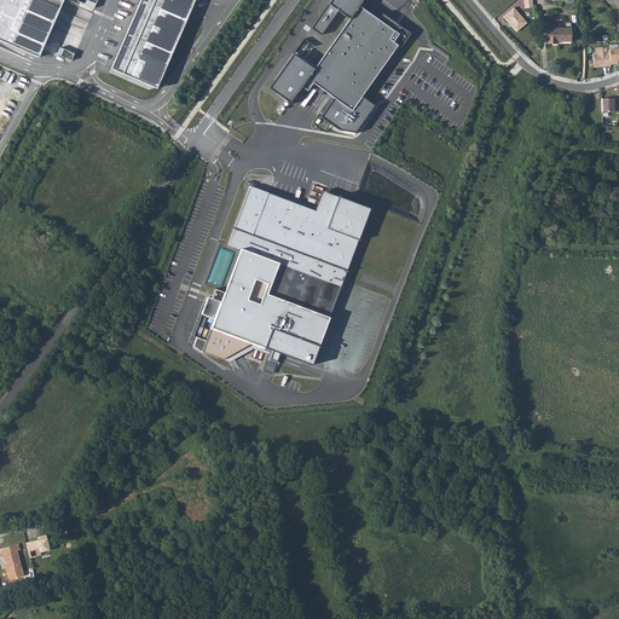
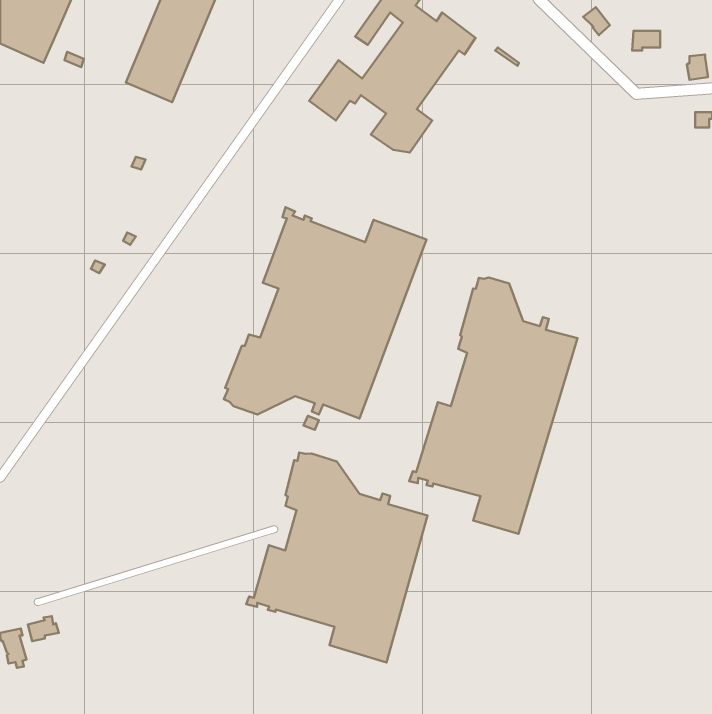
building: none -> [409,277,577,534]
building: none -> [246,452,427,663]

